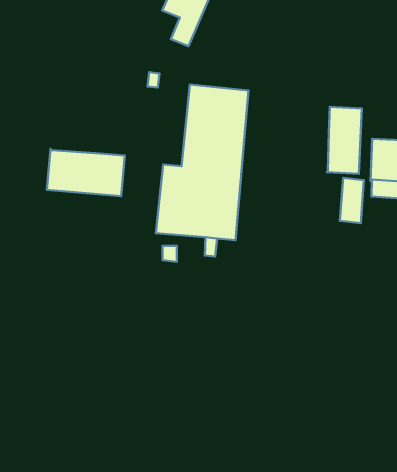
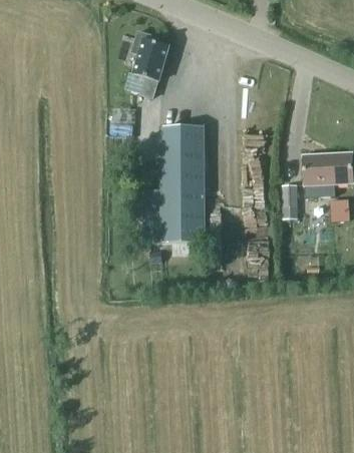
building: [327,107,362,174] -> none
building: [47,149,125,196] -> none

